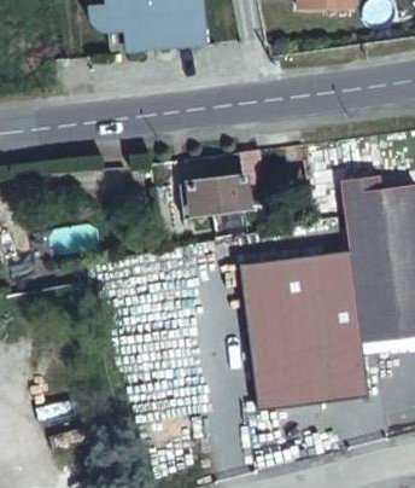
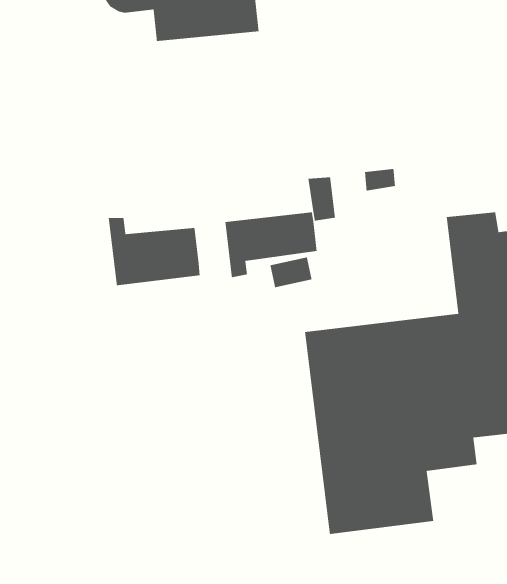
building: none -> [108,217,201,286]
building: [325,359,364,400] -> none

